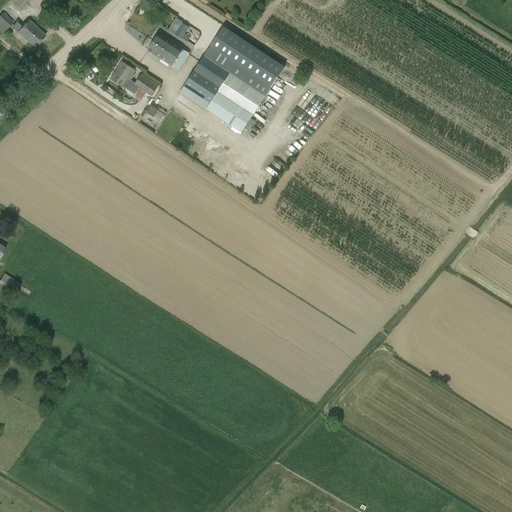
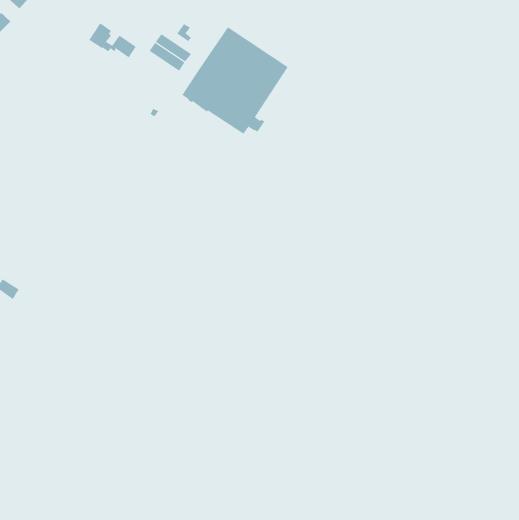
building: [10,19,43,47] -> none
building: [109,61,156,96] -> [89,23,136,58]

